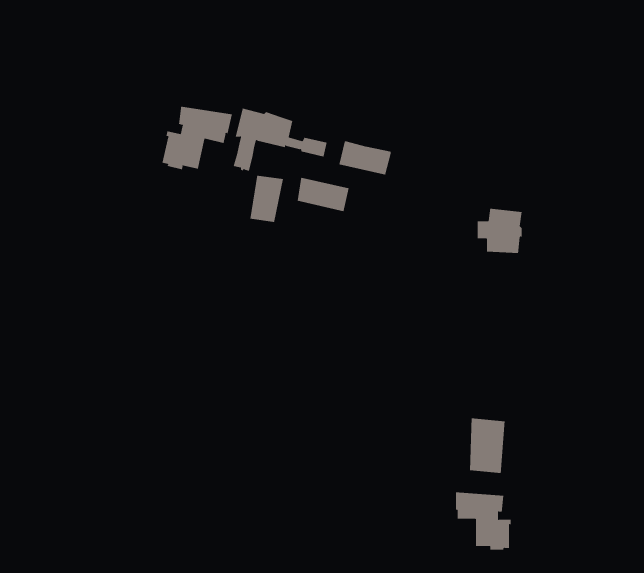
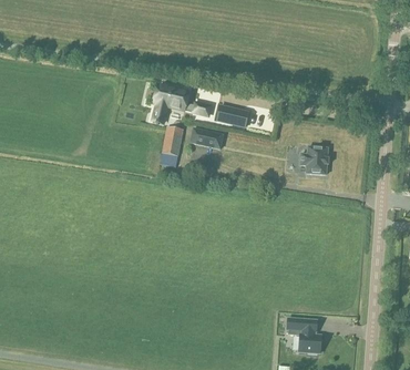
building: [162,106,233,170] -> none
building: [470,417,505,474] -> none

